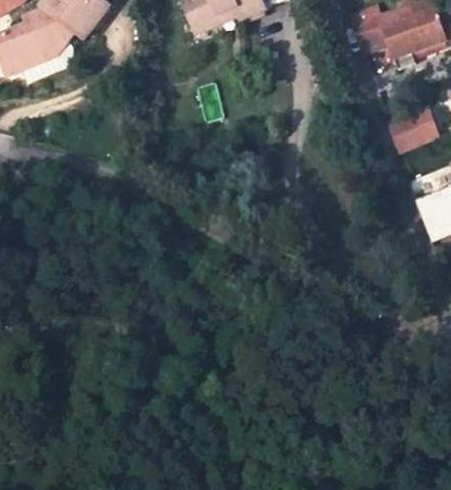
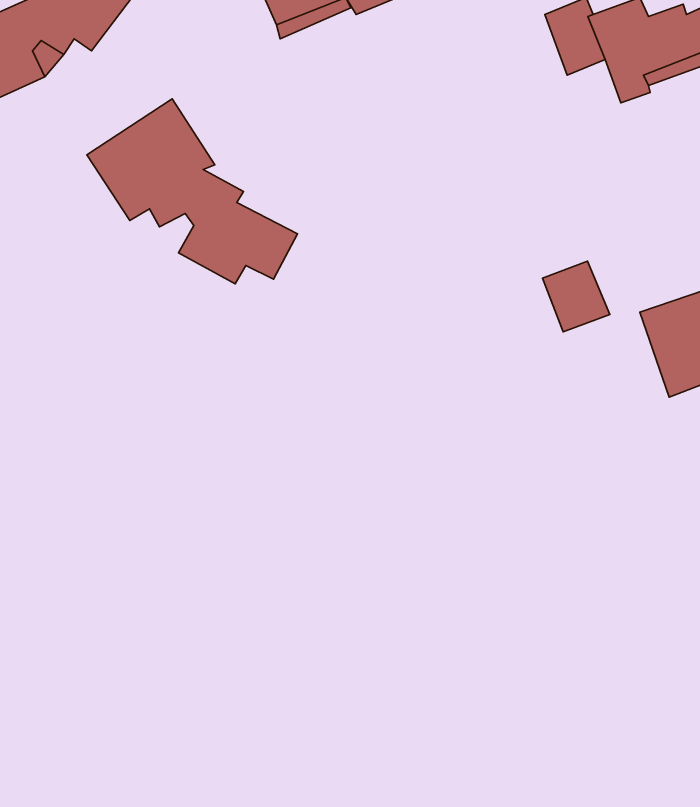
building: none -> [87,99,297,284]
building: [385,110,425,152] -> [542,261,610,332]

